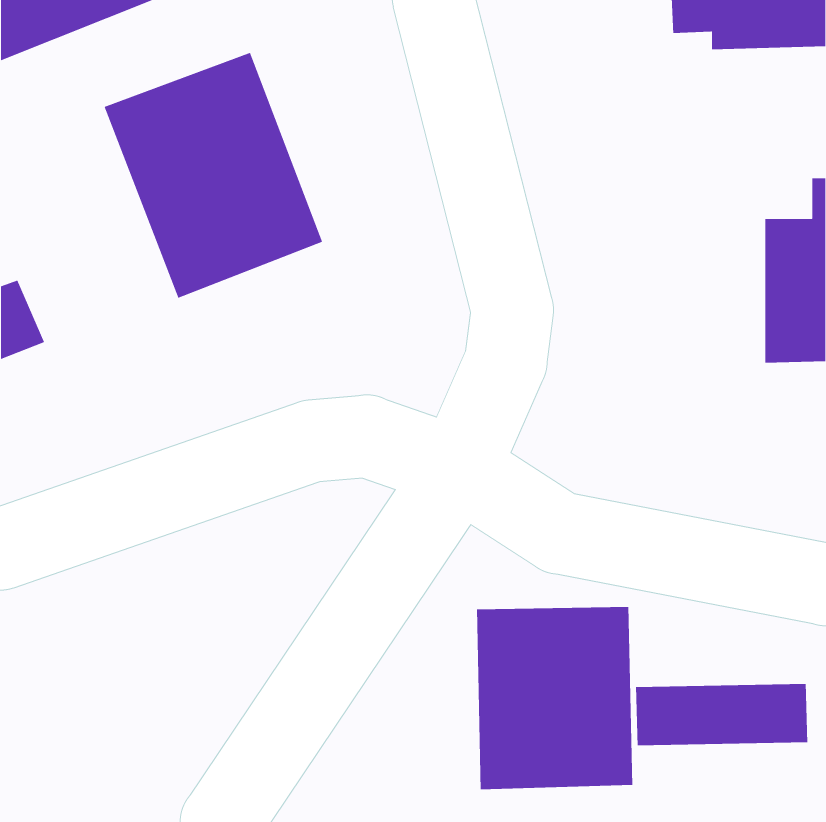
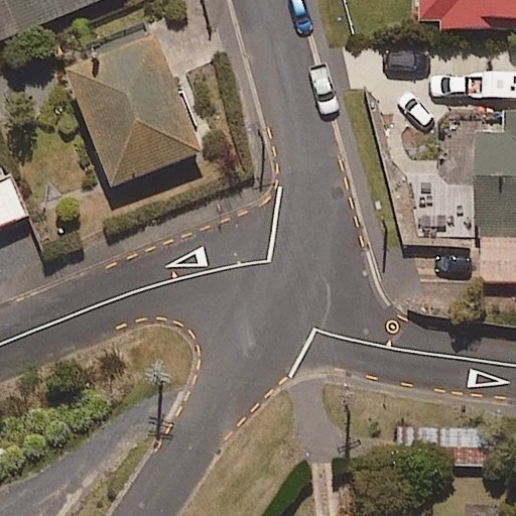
building: [476,606,633,790] -> none

